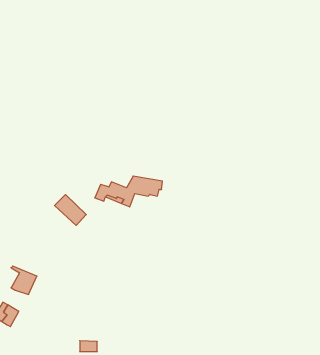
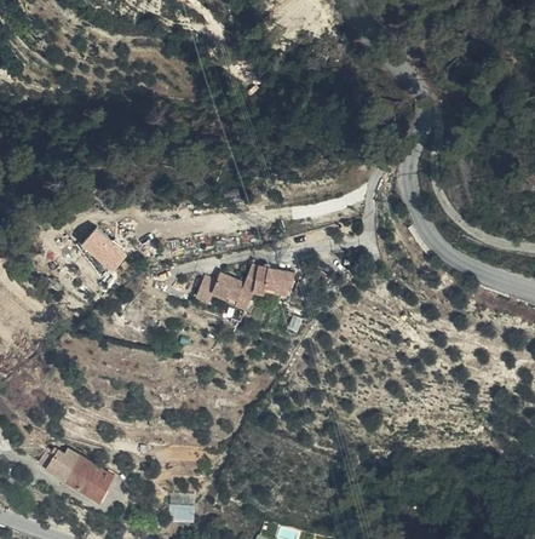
building: [55,195,86,225] -> [82,225,128,270]
building: [11,266,37,294] -> [69,453,107,494]

